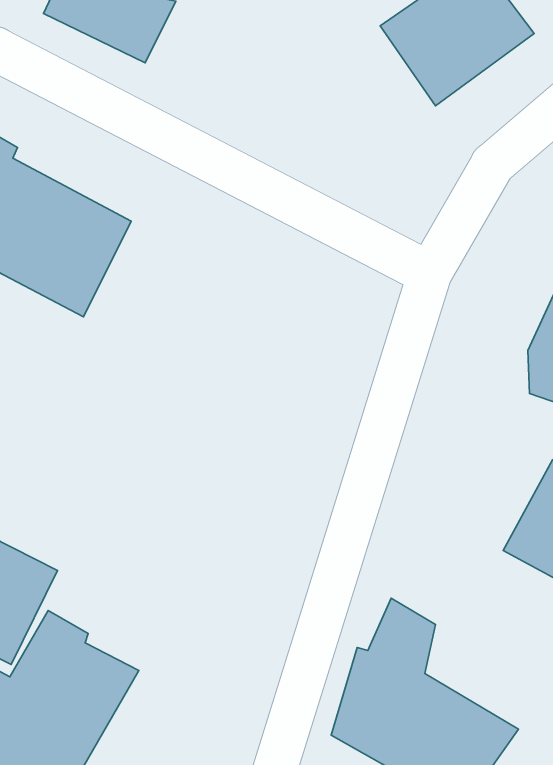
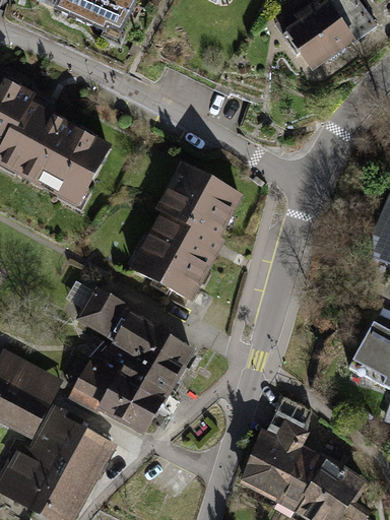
building: none -> [129,171,241,294]
building: none -> [74,285,122,336]
building: none -> [64,310,197,438]

